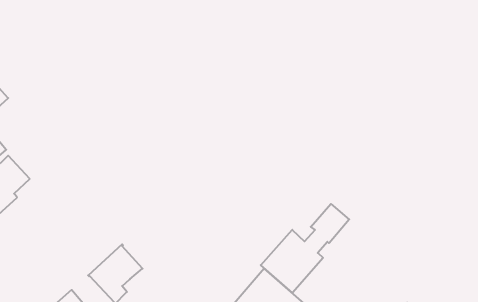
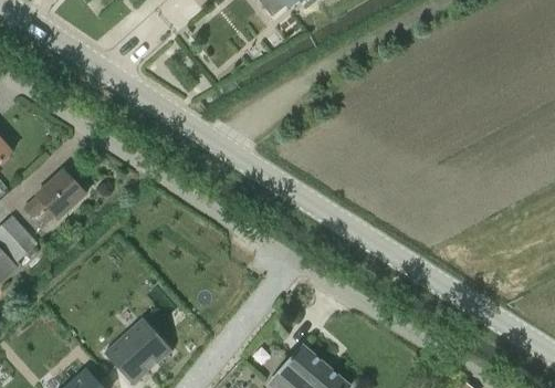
building: none -> [24,169,86,217]
building: [261,204,349,293] -> none

